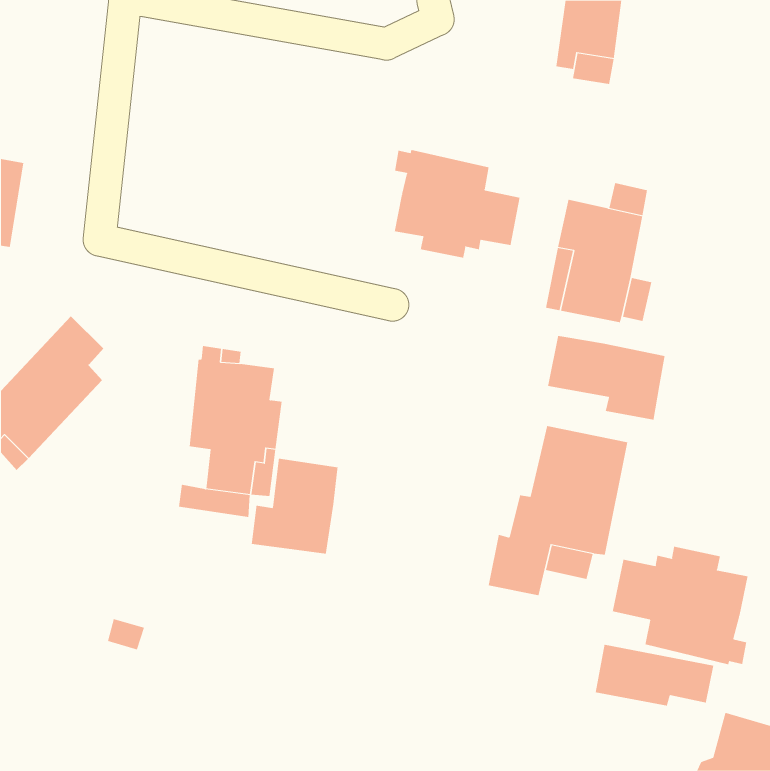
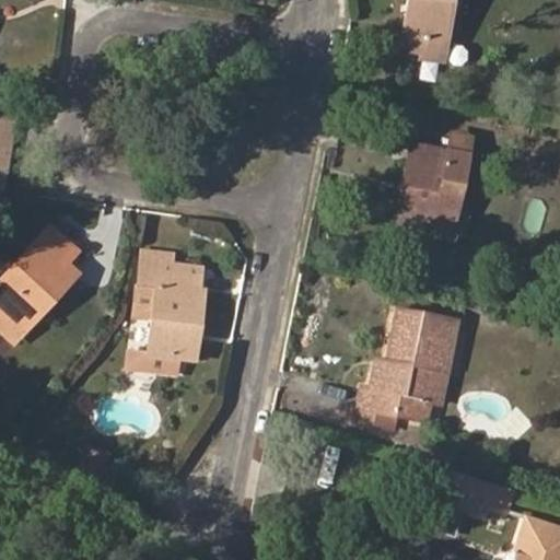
building: [394,149,520,258] -> none
building: [548,335,665,420] -> none
building: [251,458,338,554] -> none
building: [612,546,748,665] -> none

